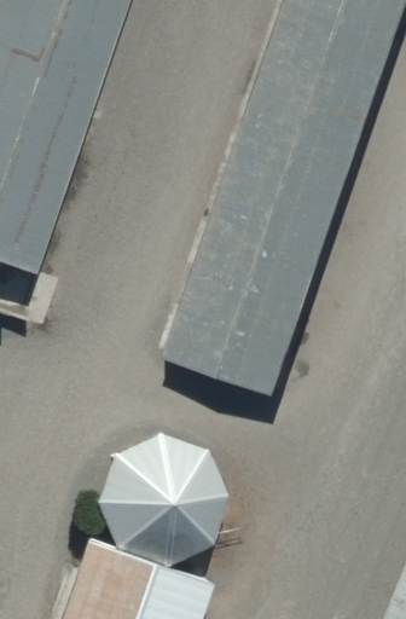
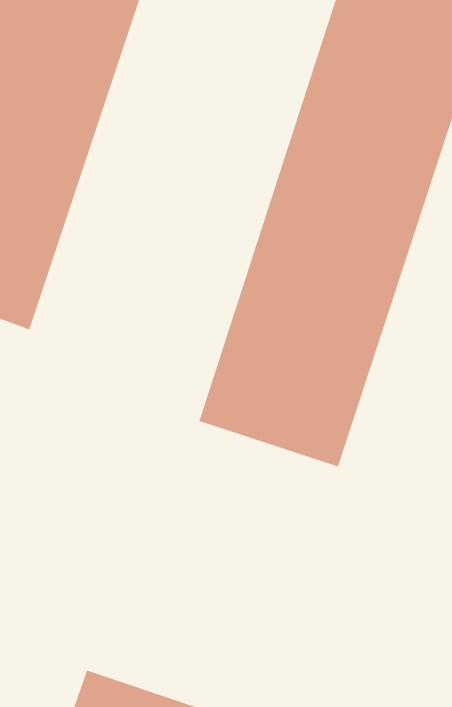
building: [83,447,216,582] -> none

